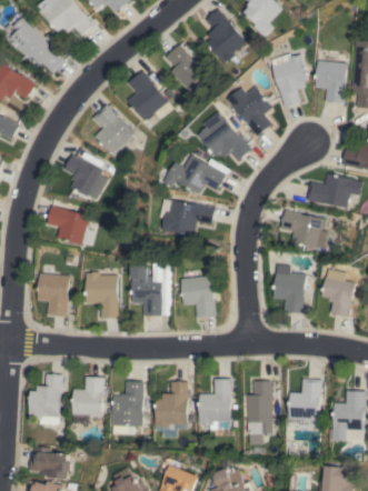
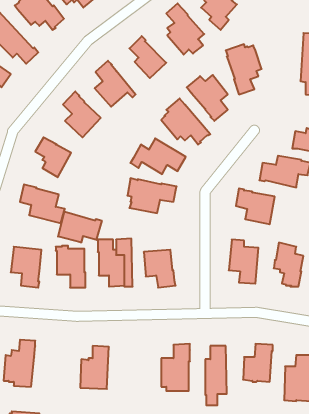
building: [315,60,347,102] -> none
building: none -> [58,211,102,243]
building: [72,377,105,417] -> none
building: [156,381,187,438] -> none

